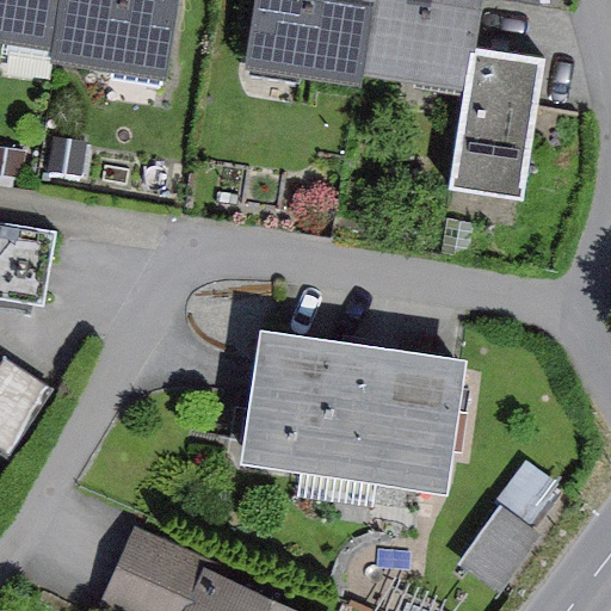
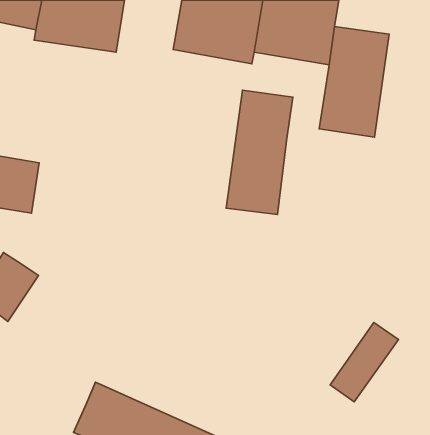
building: none -> [226,90,293,214]
building: [237,329,464,495] -> none

